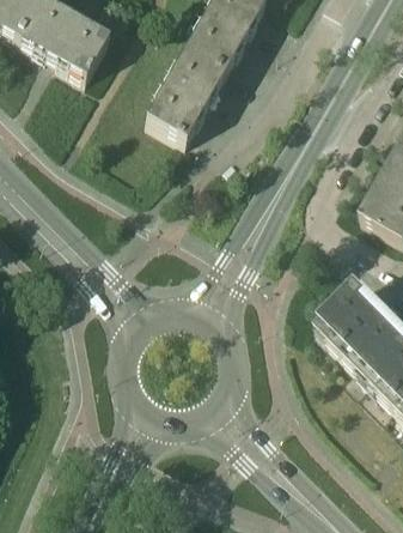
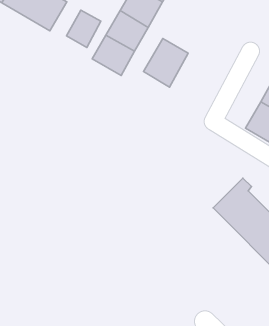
building: none -> [66,10,101,47]
building: none -> [144,39,188,87]

